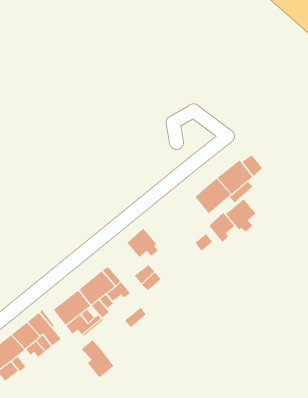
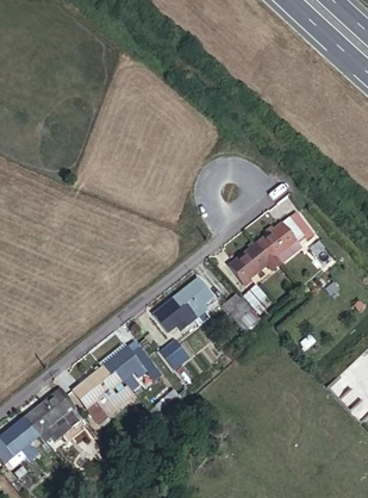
building: [225,198,256,232] -> none
building: none -> [171,278,216,317]
building: [81,339,114,378] -> none

